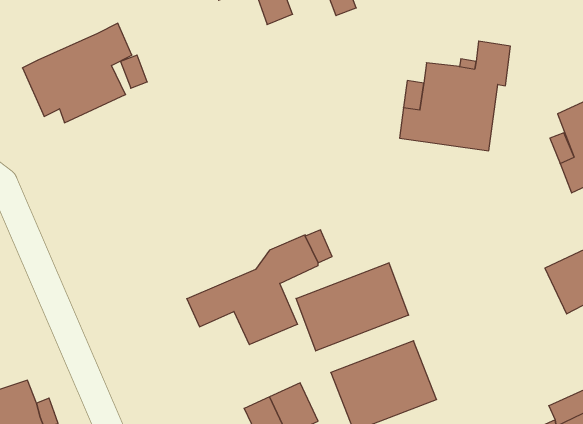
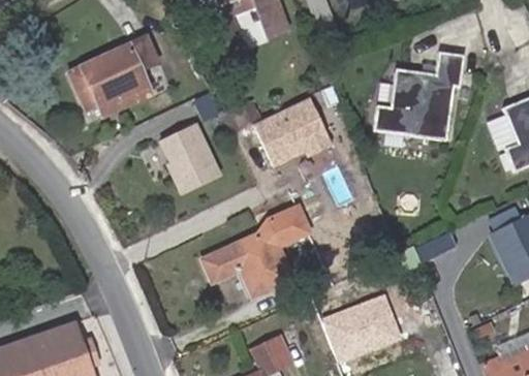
building: none -> [252,97,333,175]
building: none -> [154,121,221,193]
building: [296,263,409,351] -> none

